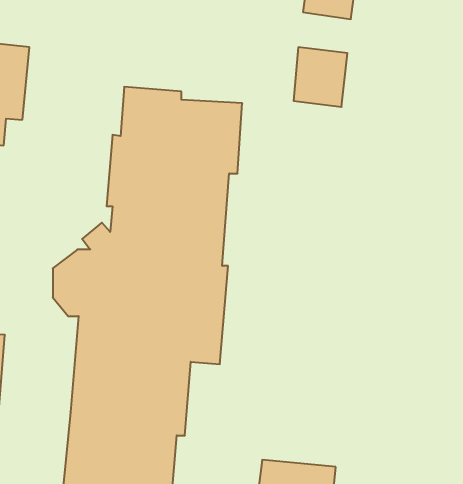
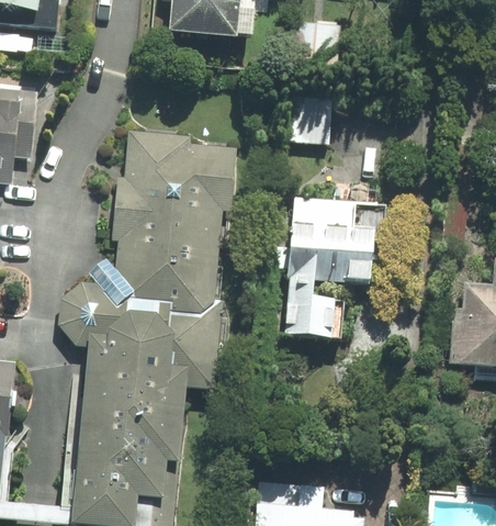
building: none -> [283,197,382,338]

